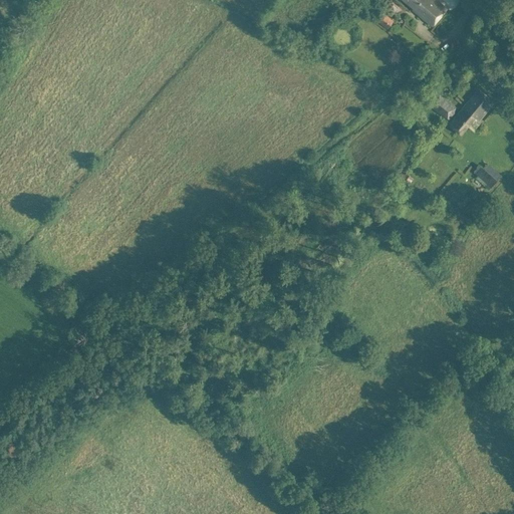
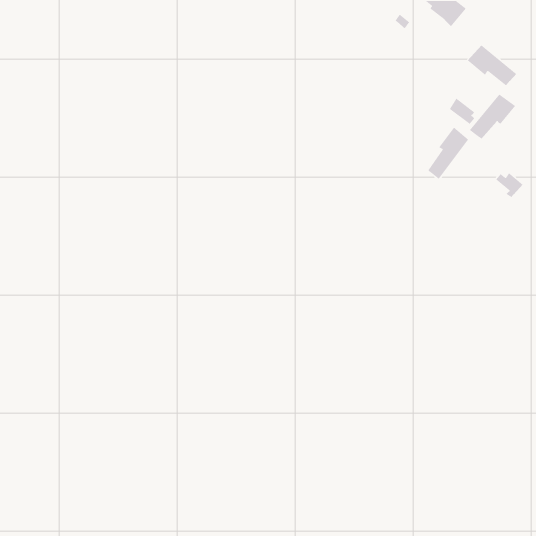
building: none -> [467,44,517,86]
building: none -> [427,127,469,180]

